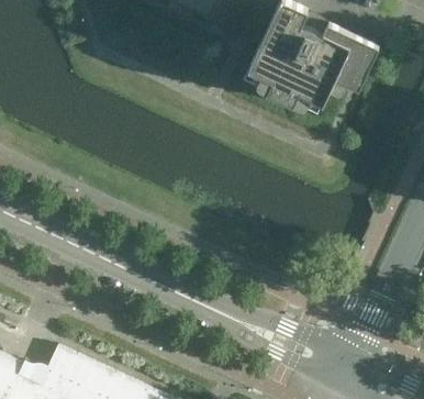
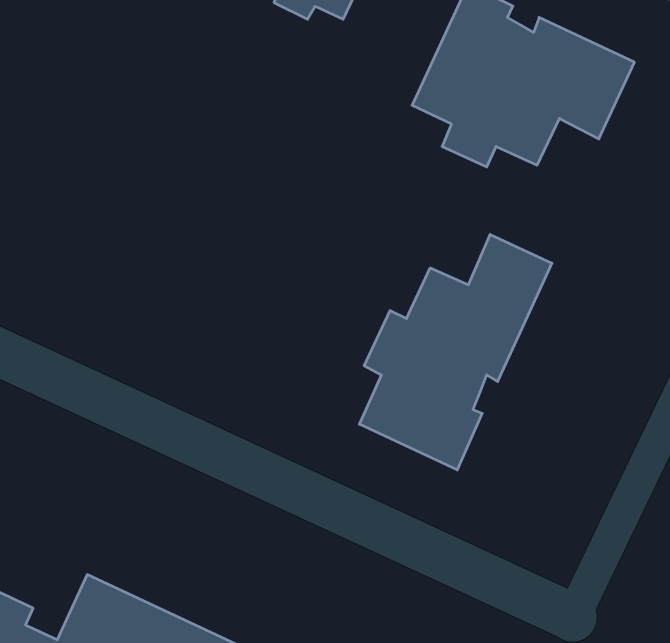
building: none -> [359,234,552,470]

